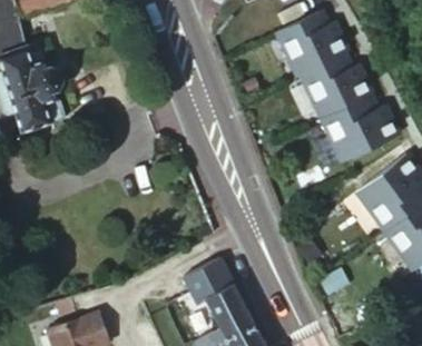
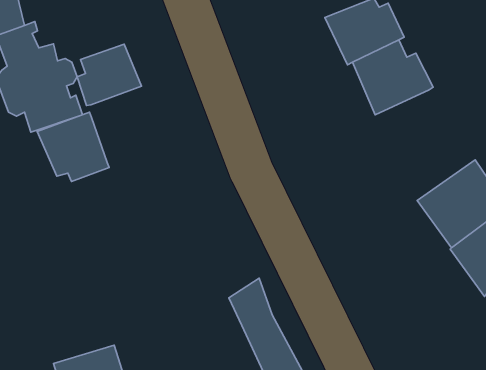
building: none -> [77,44,141,106]
building: [320,96,394,159] -> none
building: none -> [37,112,109,182]

